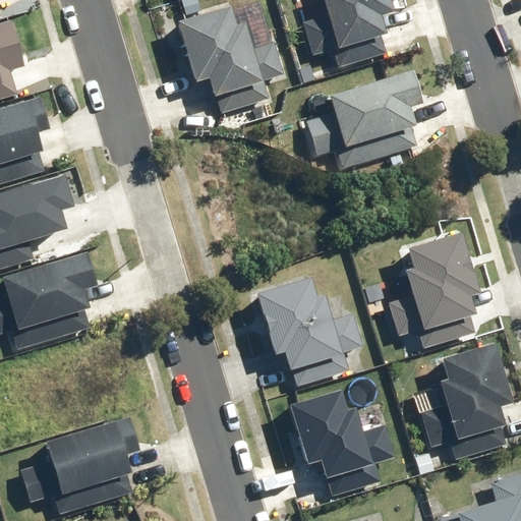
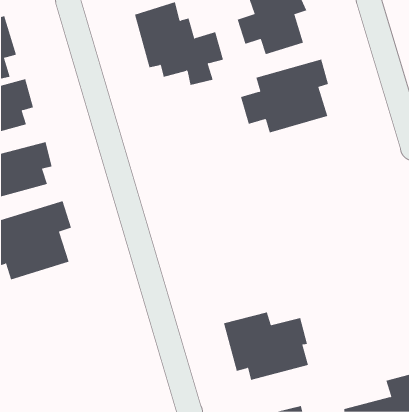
building: [387,231,481,340] -> none
building: [252,279,363,373] -> none
building: [421,344,514,446] -> none
building: [21,415,137,503] -> none

